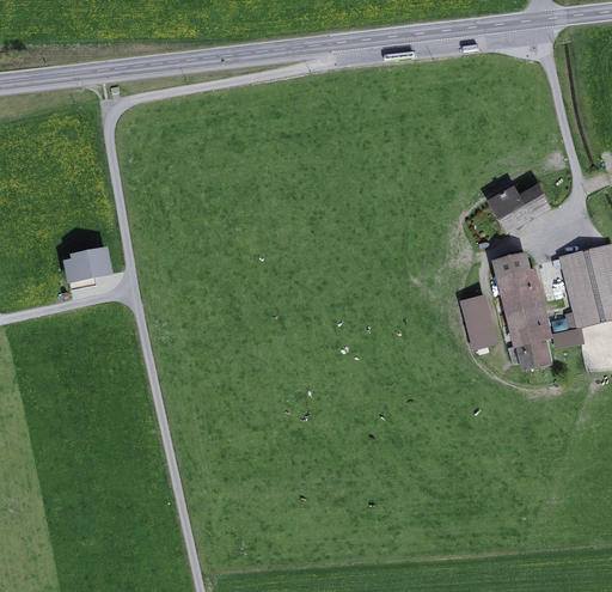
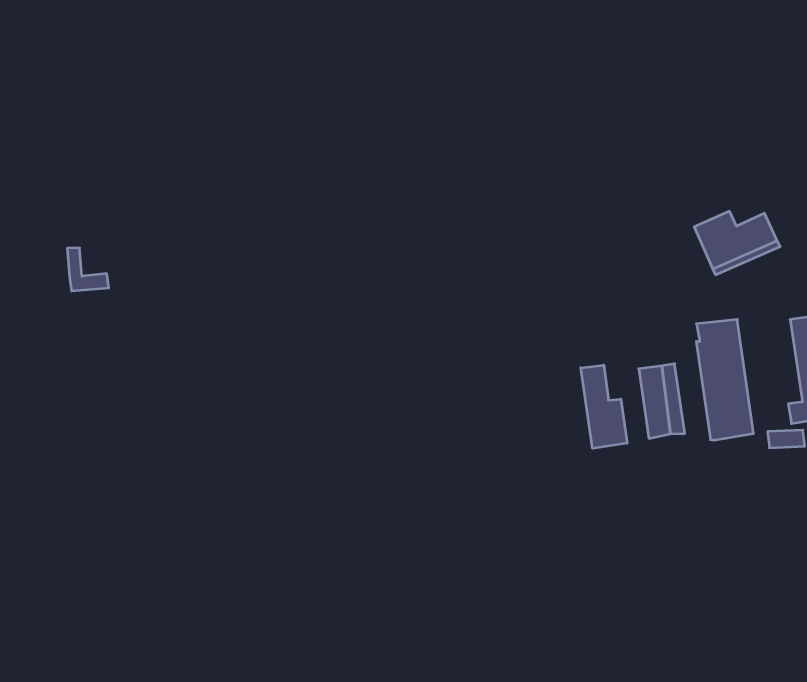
building: [72,248,110,277] -> none
building: none -> [581,365,627,448]
building: [518,336,546,365] -> none

